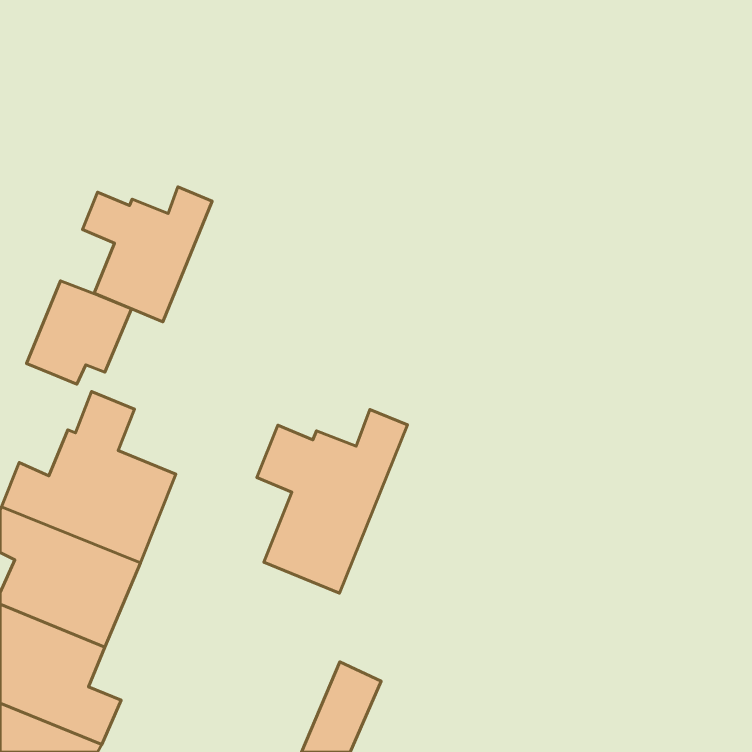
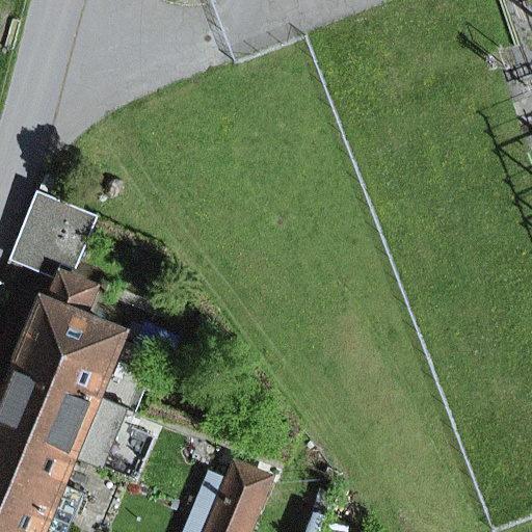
building: [83,187,212,322] -> none
building: [257,409,408,593] -> none

